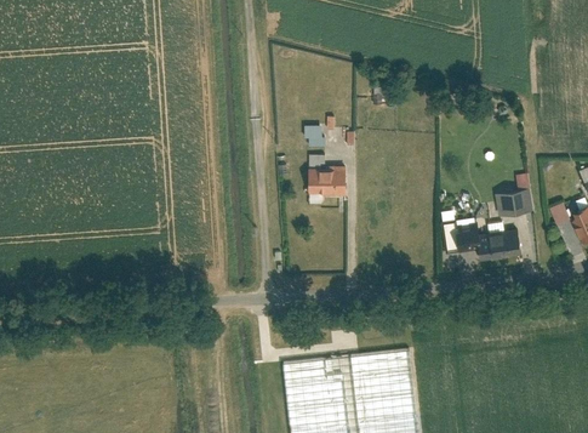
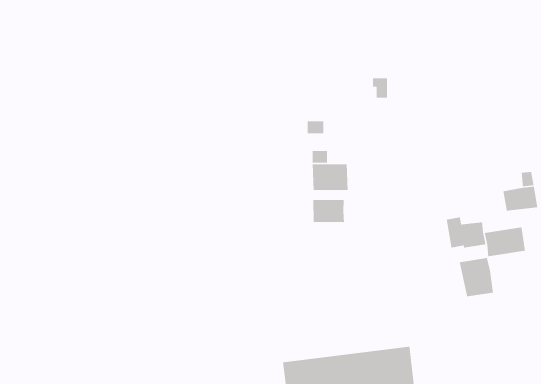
building: none -> [312,199,345,223]
building: none -> [459,257,494,297]

